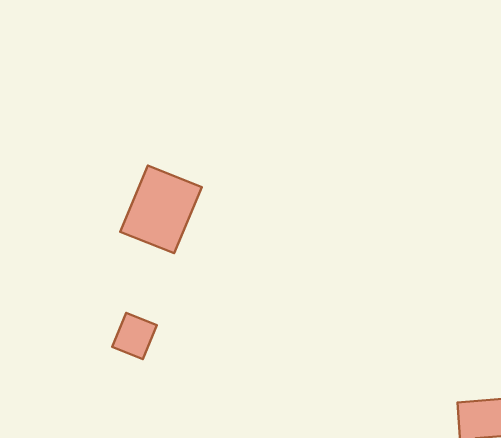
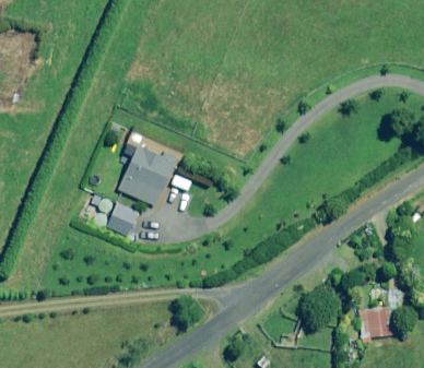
building: [112,313,157,359] -> [104,203,136,236]

